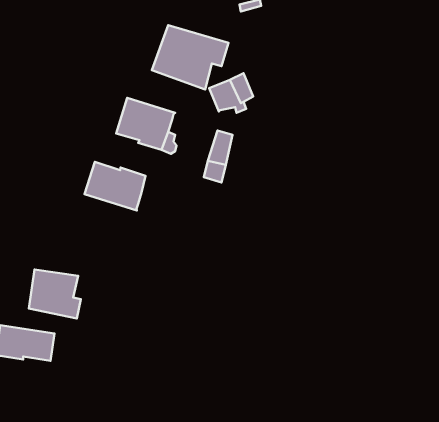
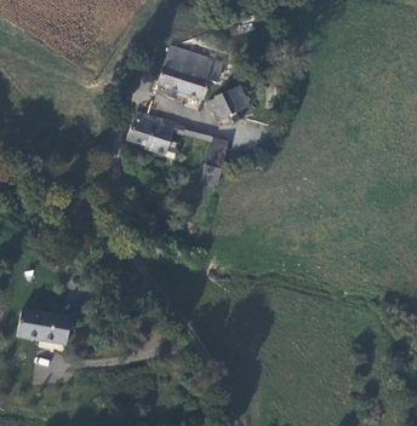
building: [85,162,145,210] -> none
building: [29,269,81,319] -> none

